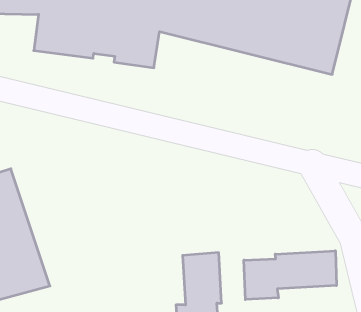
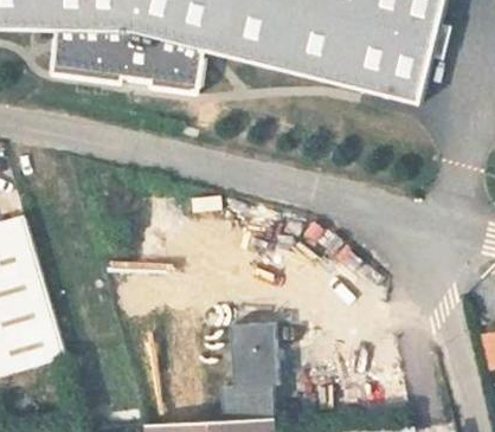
building: [244,251,336,300] -> none

